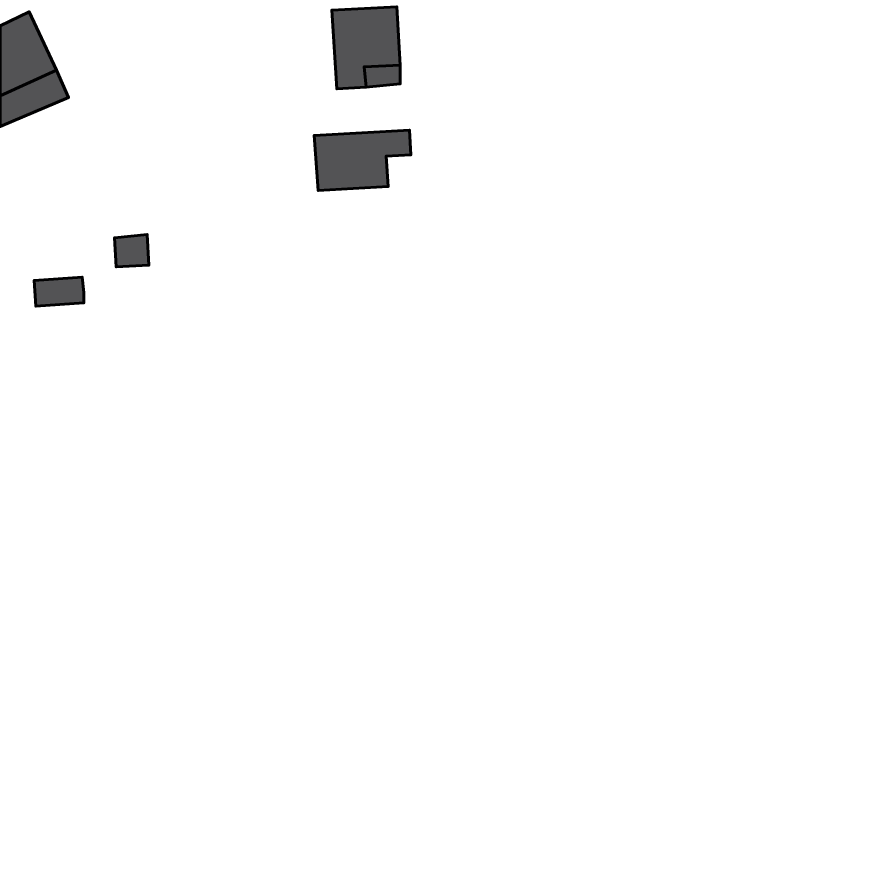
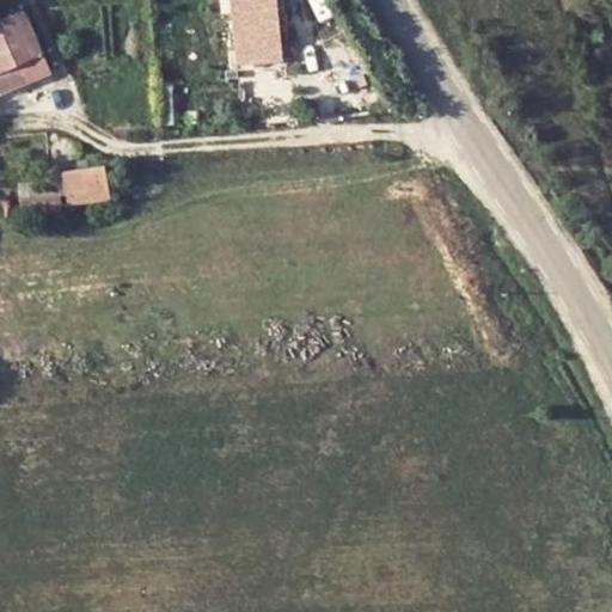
building: [314,130,411,191] -> none

